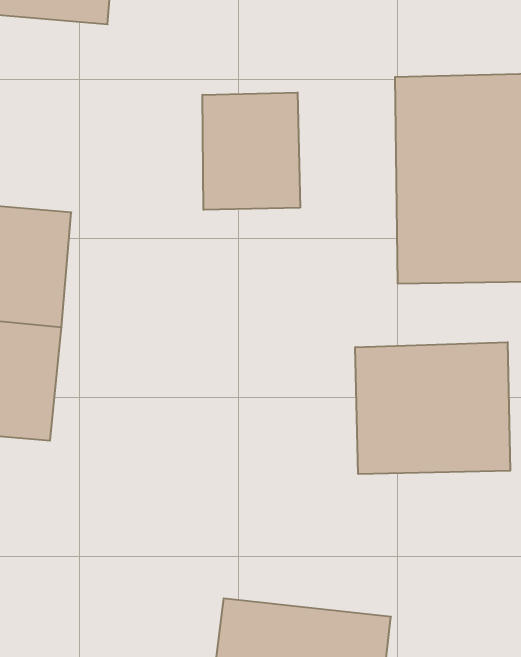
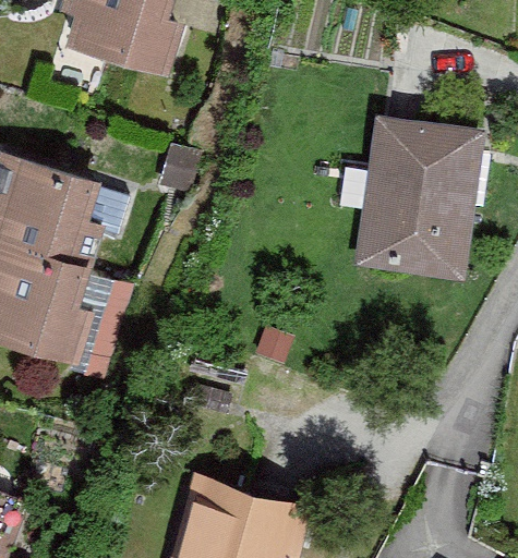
building: [202,92,300,210] -> none
building: [355,342,510,474] -> none

